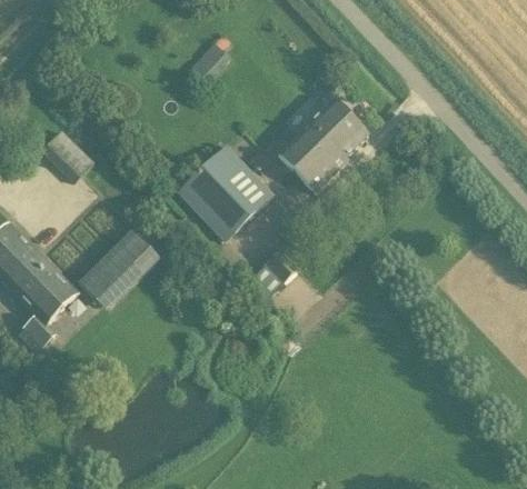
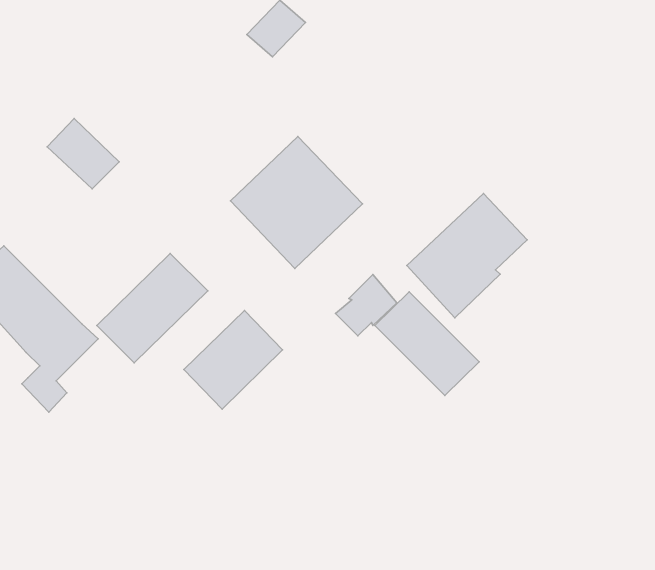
building: [278,98,367,190] -> [407,193,527,318]
building: none -> [375,292,479,395]
building: none -> [184,310,283,409]

